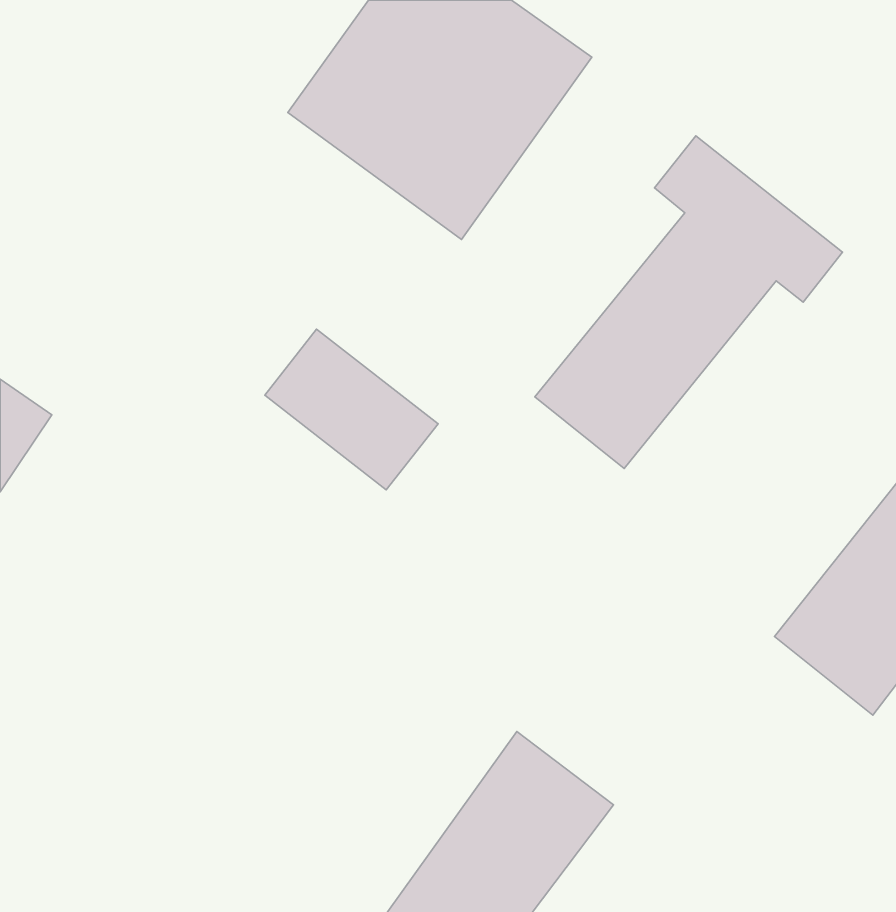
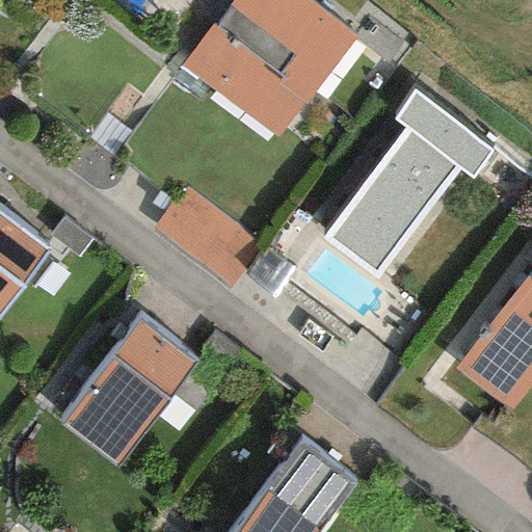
building: none -> [61,317,194,460]

